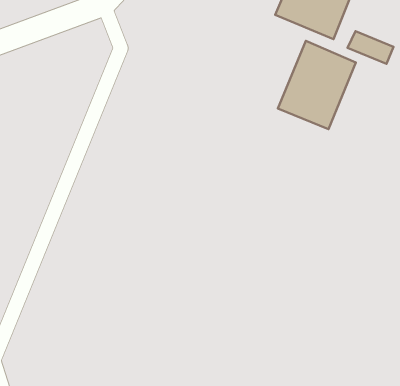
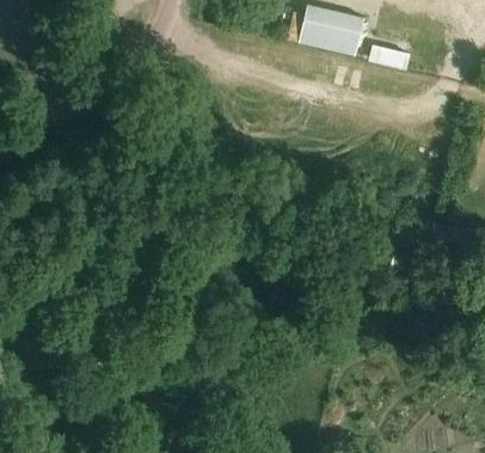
building: [278,41,356,129] -> none

